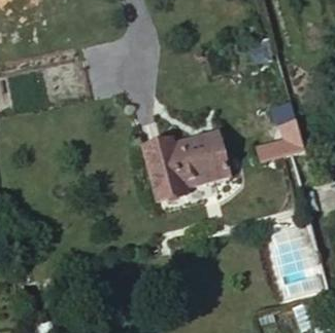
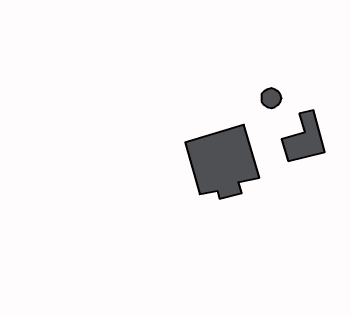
building: [141,133,193,206] -> none

